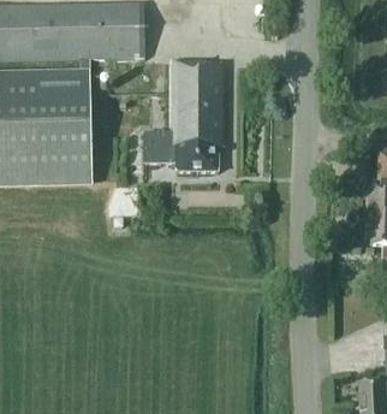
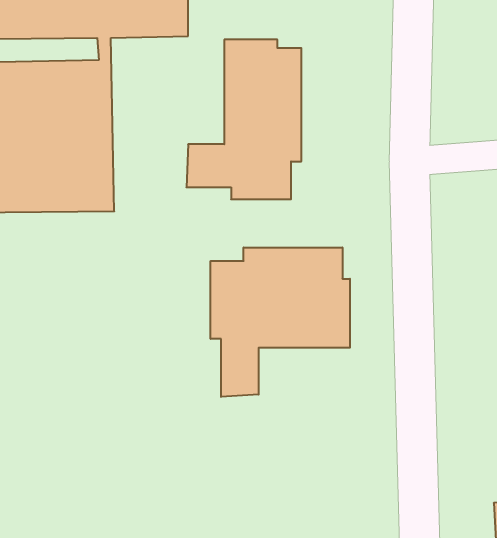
building: none -> [211,247,350,397]

